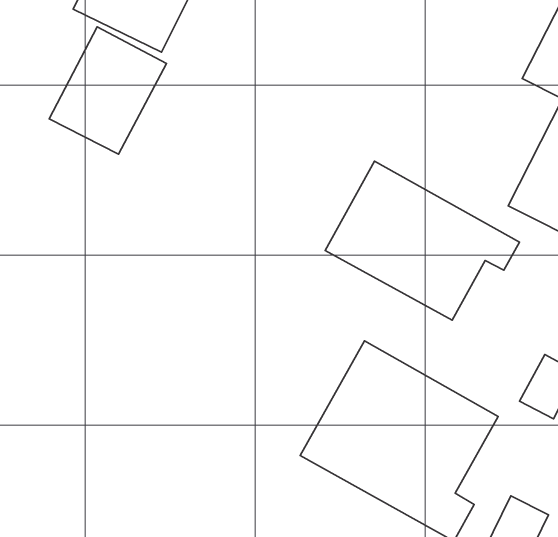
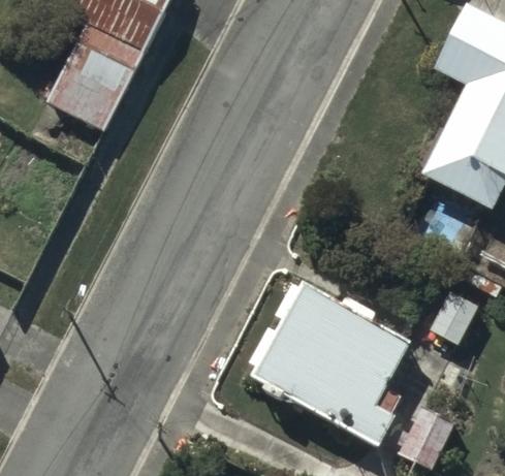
building: [325,161,520,320] -> none

